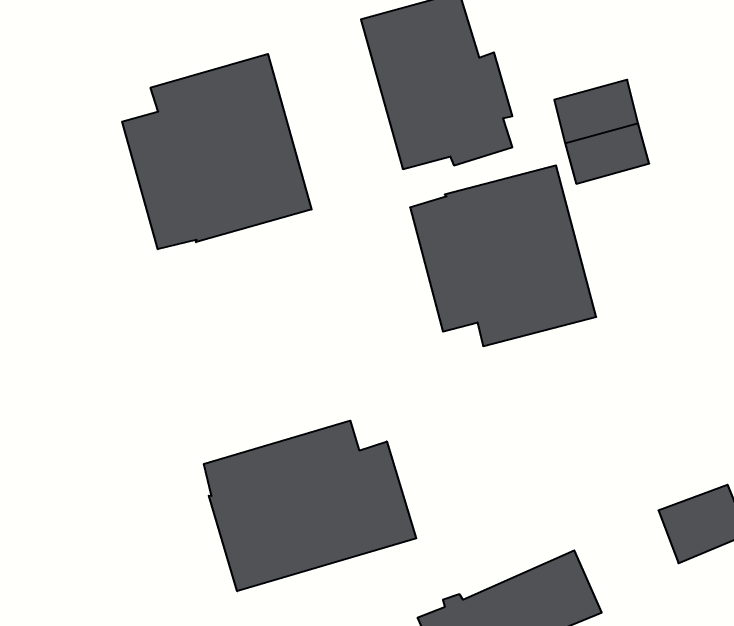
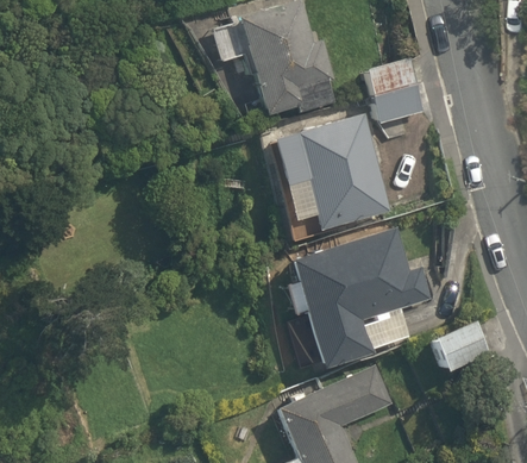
building: [122,54,312,249] -> none
building: none -> [283,227,433,369]
building: [204,421,416,591] -> none

